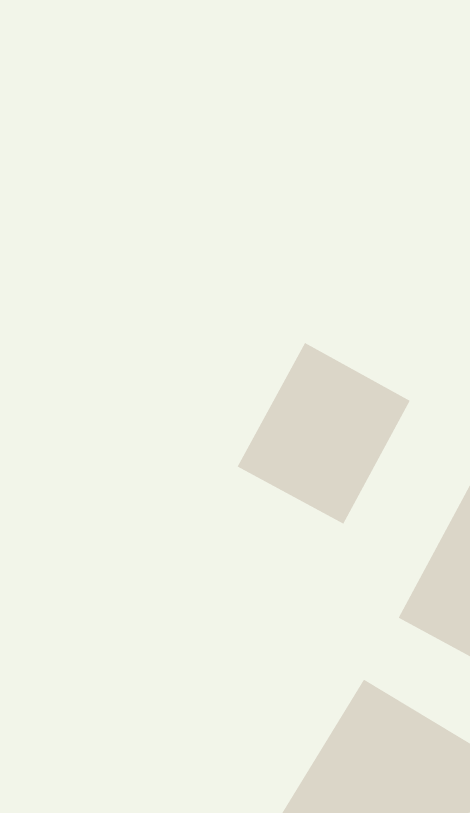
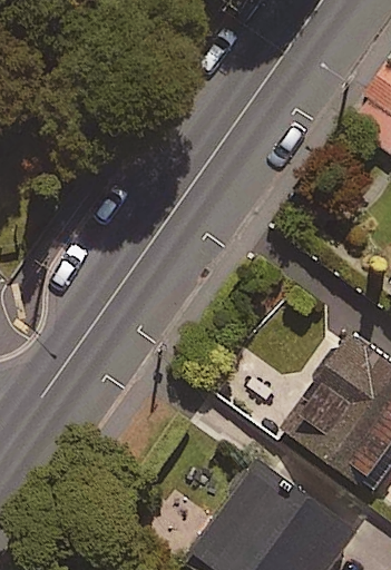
building: [237,342,410,525] -> none

